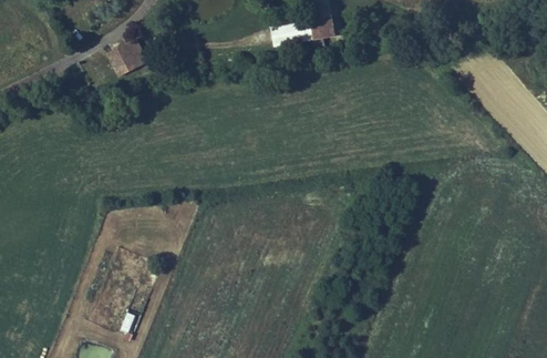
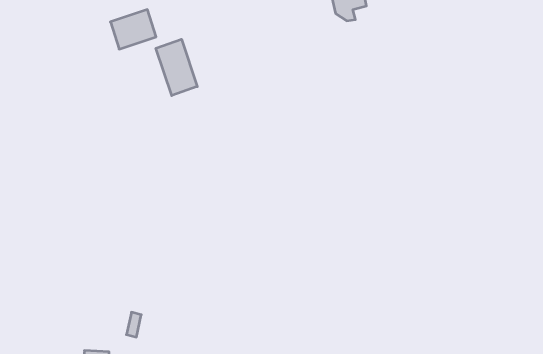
building: none -> [156,39,197,96]

